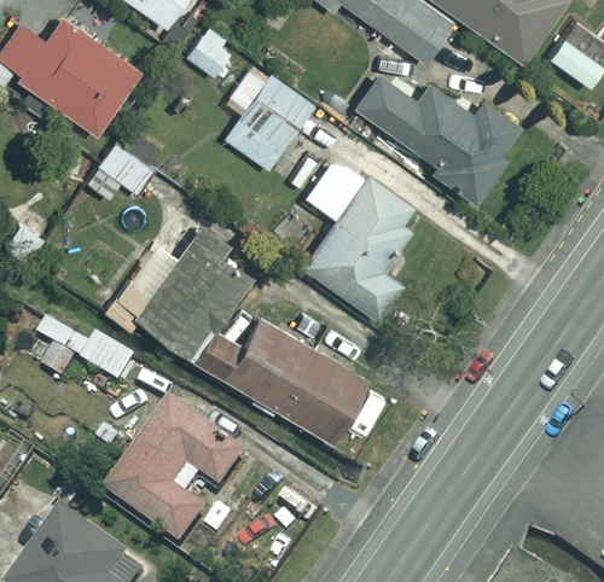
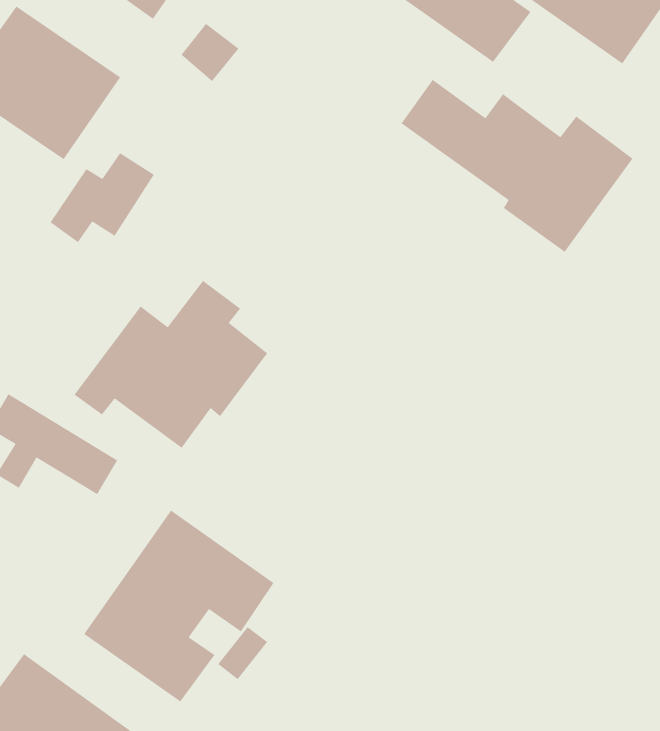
building: [223,63,314,170] -> none
building: [301,156,418,320] -> none
building: [196,320,367,443] -> none

